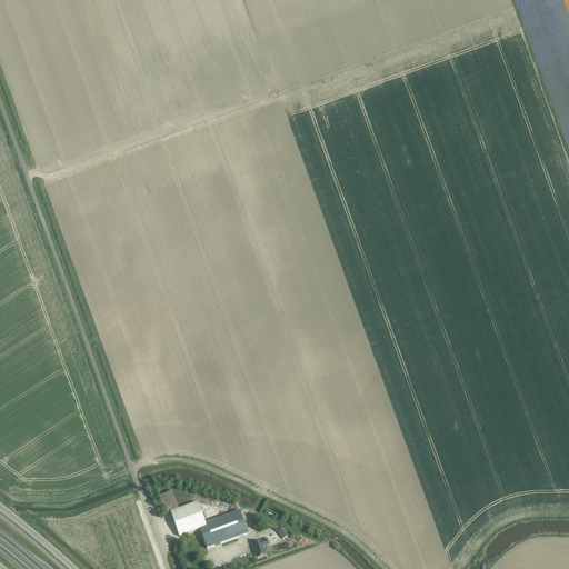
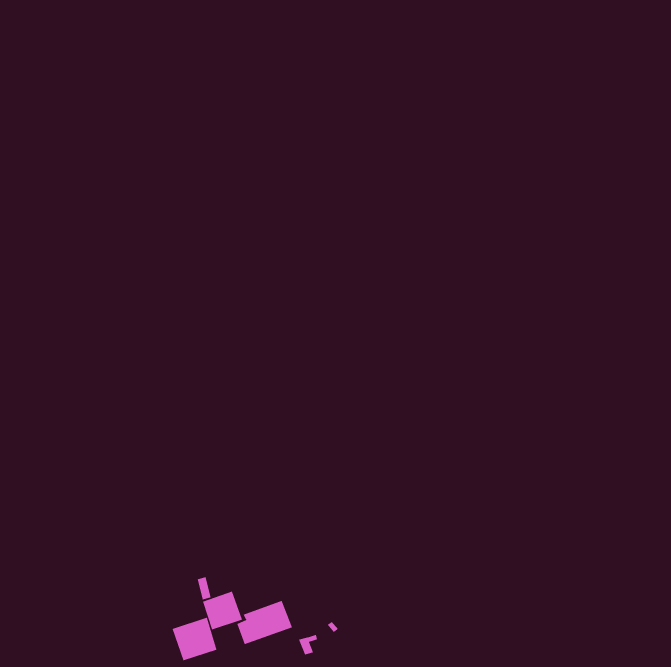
building: none -> [172,617,217,661]

